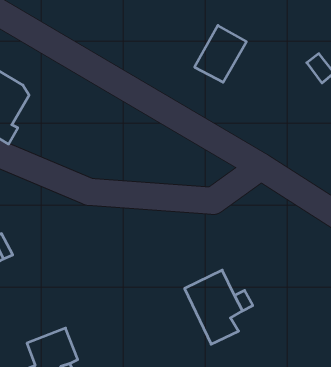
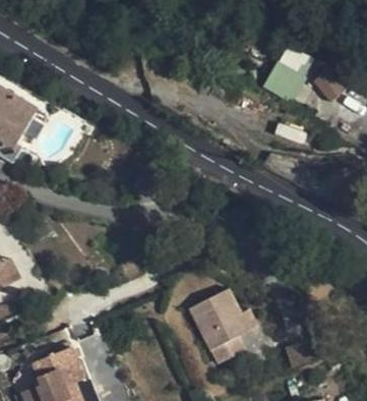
building: [195,25,246,82] -> [260,46,312,103]

